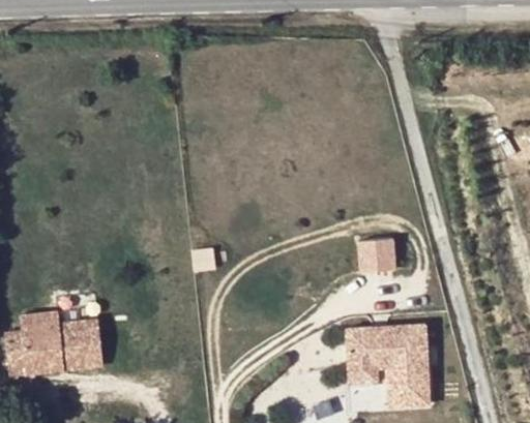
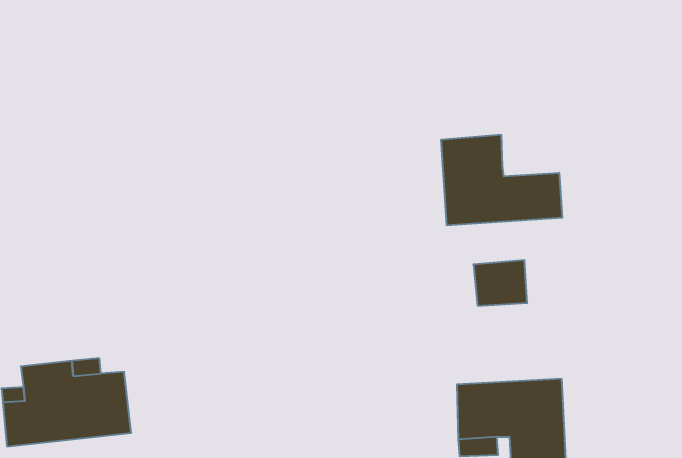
building: none -> [441,135,562,225]

